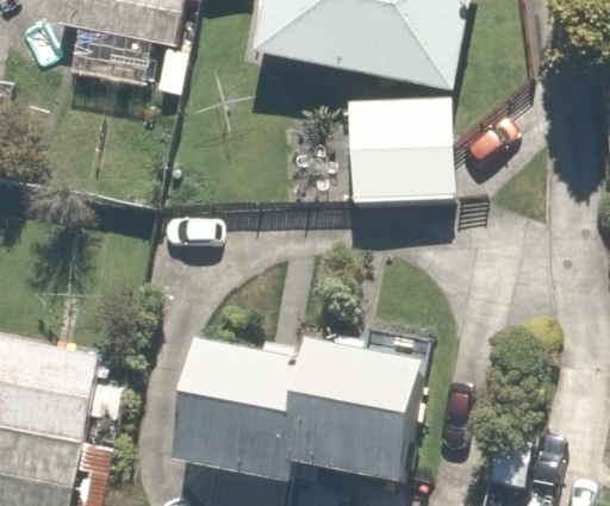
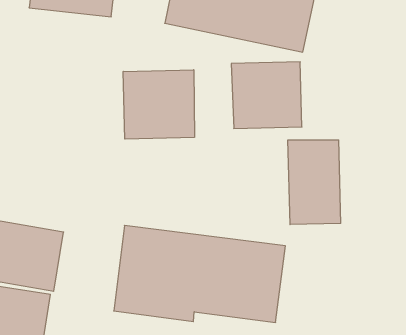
building: none -> [123,70,194,139]
building: none -> [288,140,341,225]

